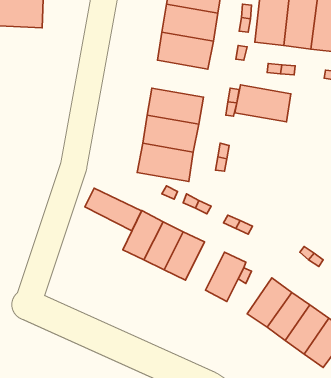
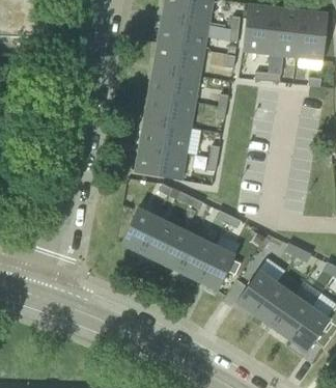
building: [235,85,291,122] -> [148,67,200,102]
building: [85,188,142,231] -> none
building: none -> [179,235,216,280]

